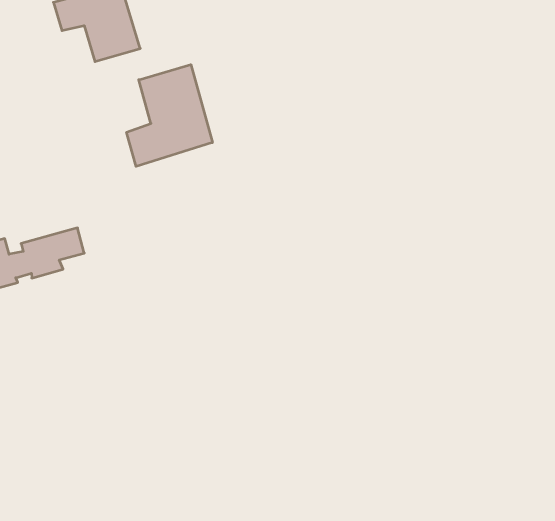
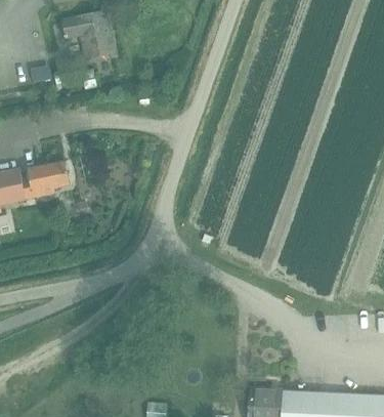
building: [127,65,212,166] -> none

